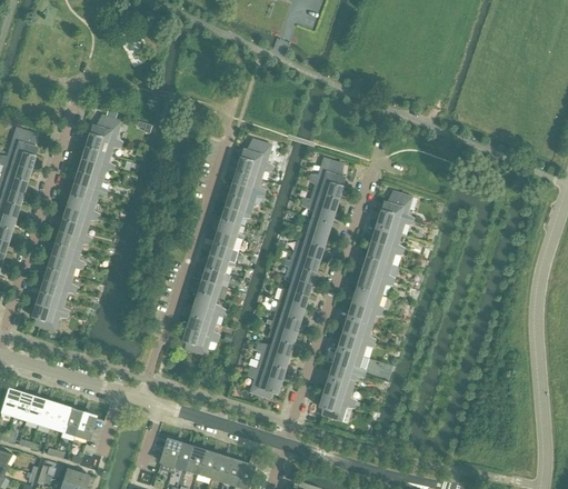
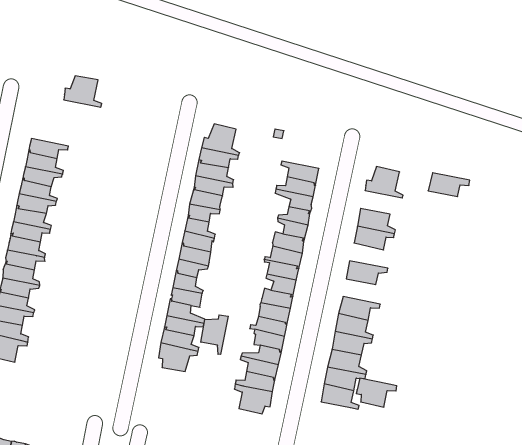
building: [89,114,122,144] -> [64,76,102,107]
building: [309,157,345,187] -> none
building: [375,210,412,233] -> [428,173,470,197]
building: [360,256,395,281] -> none
building: [351,287,385,312] -> none
building: none -> [201,315,228,354]
building: [318,393,355,421] -> [356,378,397,407]

